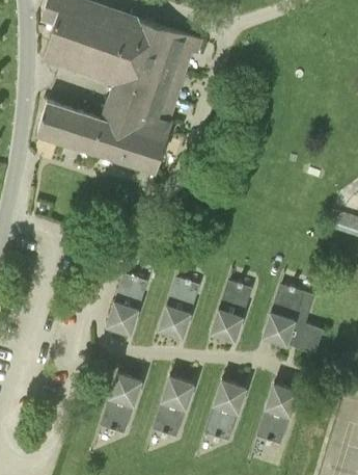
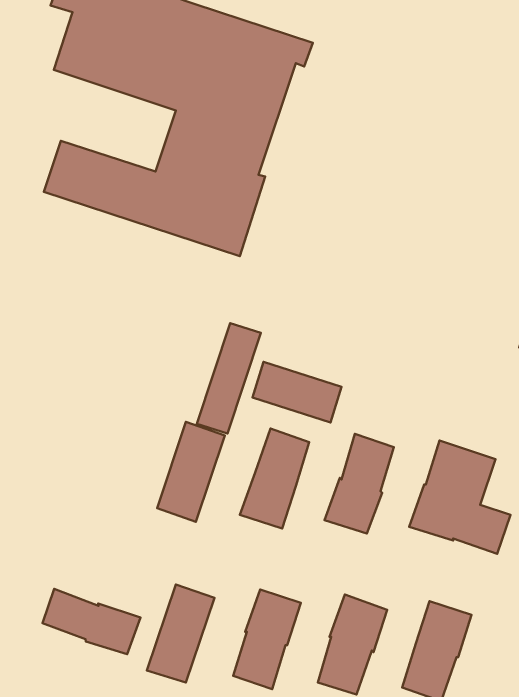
building: none -> [197,323,261,433]
building: none -> [253,362,342,423]
building: none -> [43,589,141,654]

